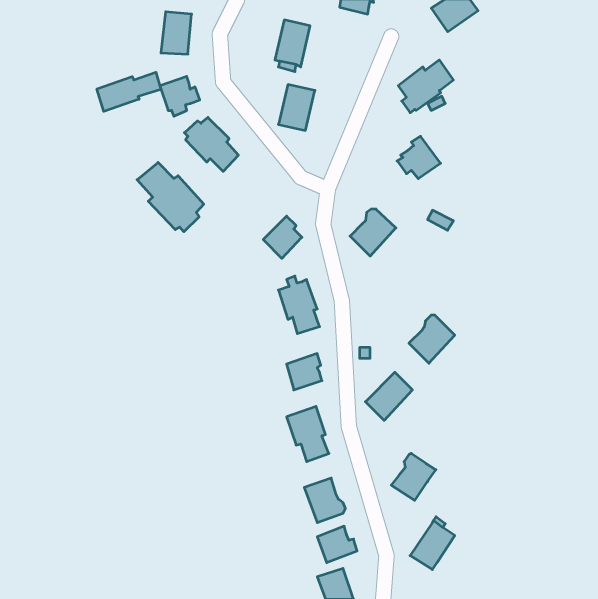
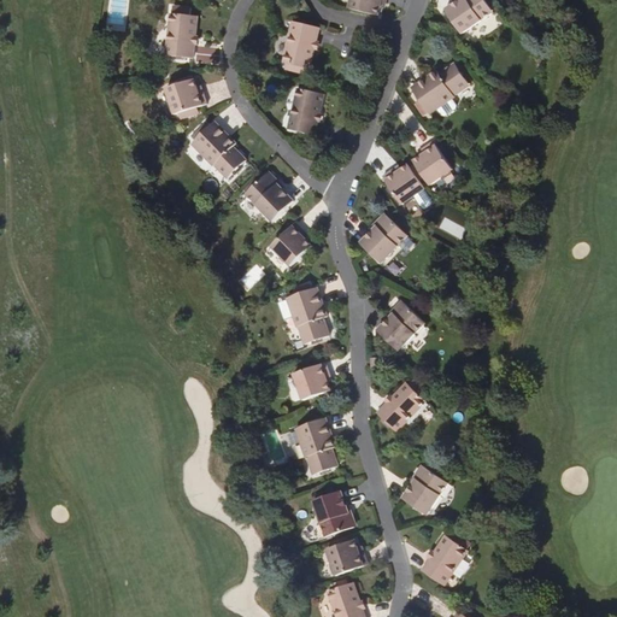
building: [97,72,161,111] -> none
building: none -> [381,163,423,204]
building: [137,162,204,232] -> none
building: none -> [245,172,292,219]
building: [409,315,455,363] -> [376,301,423,351]

